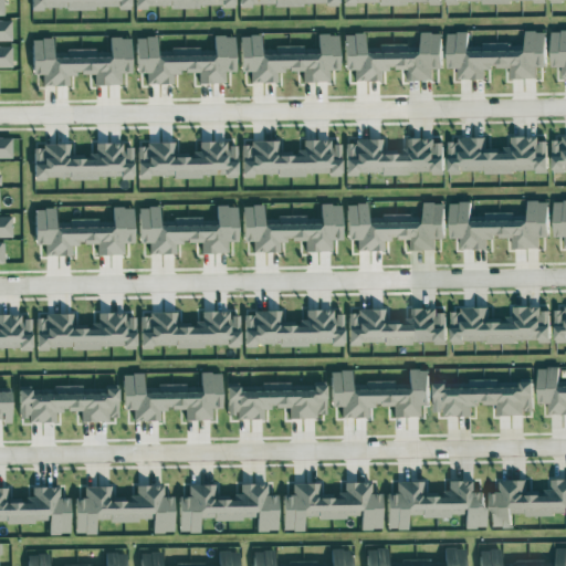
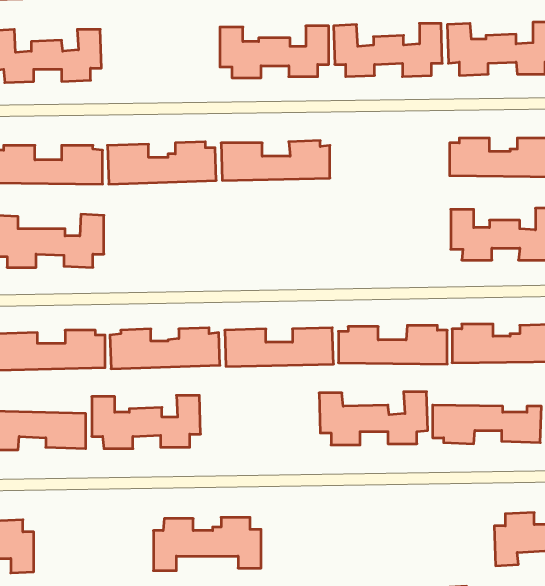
building: [137,35,237,84] -> none
building: [346,139,447,175] -> none
building: [347,202,448,251] -> none
building: [244,203,343,252] -> none
building: [139,206,239,254] -> none
building: [228,385,327,419] -> none
building: [388,481,488,530] -> none
building: [284,482,382,531] -> none
building: [75,485,176,534] -> none

